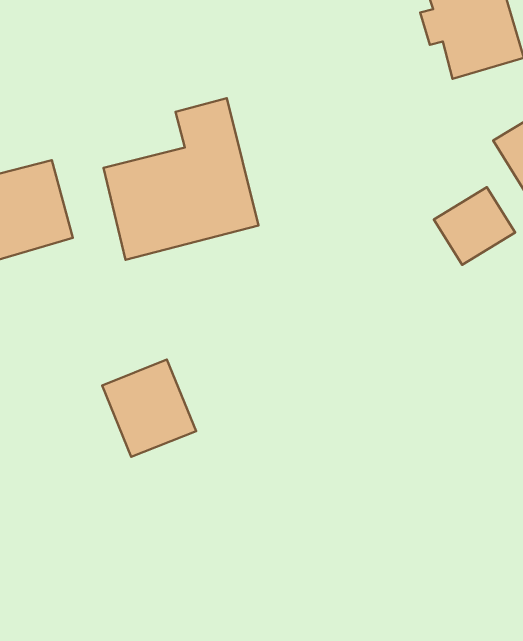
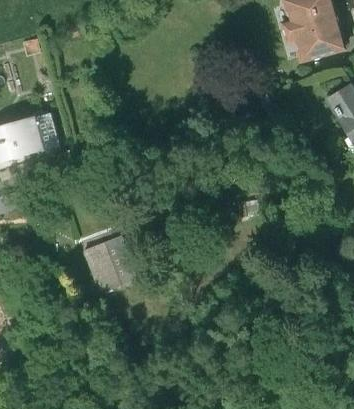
building: [103,98,259,260] -> none
building: [434,187,515,265] -> none

